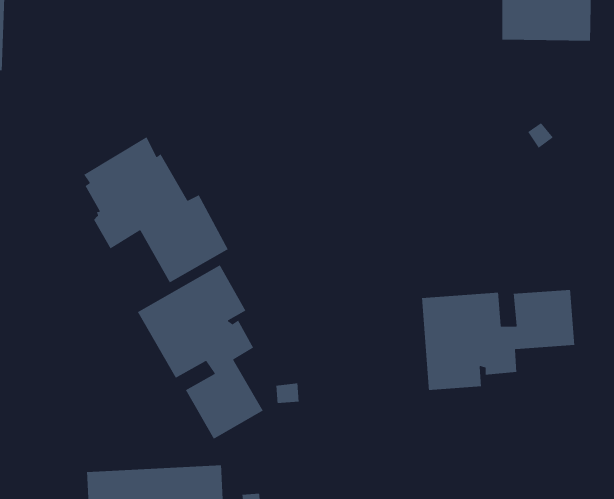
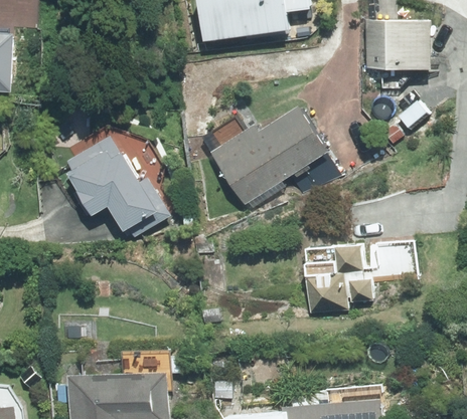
building: none -> [208,102,343,205]
building: [137,264,264,440] -> none

